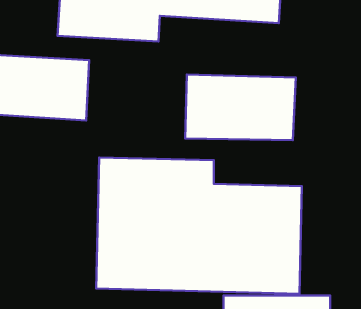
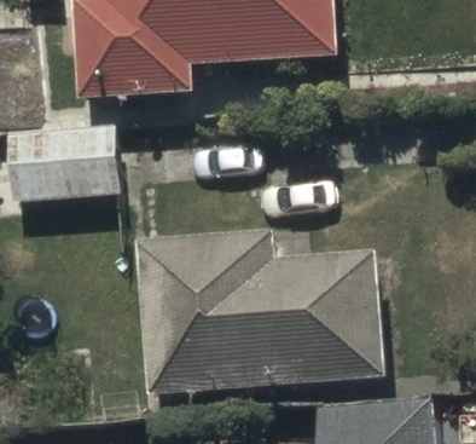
building: [185,75,296,140] -> none

